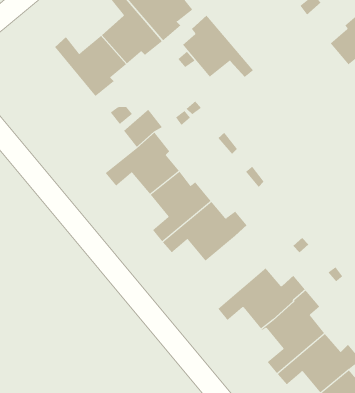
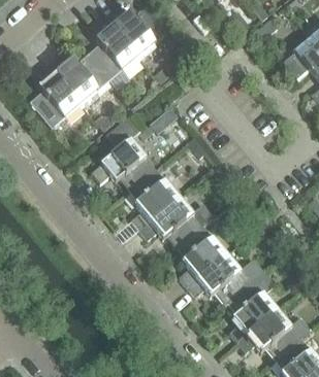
building: [182,15,254,78] -> none
building: none -> [30,65,84,128]
building: none -> [178,226,229,287]

